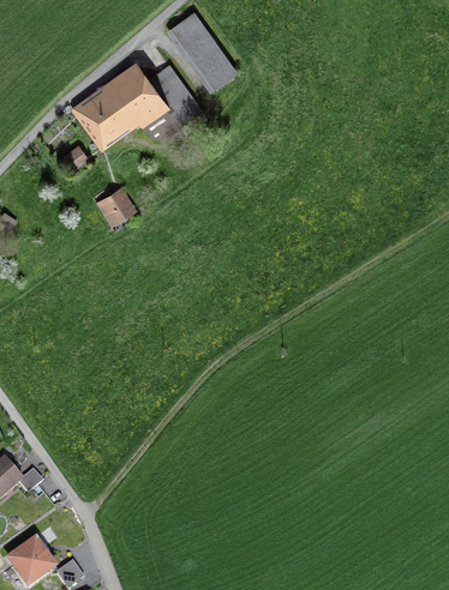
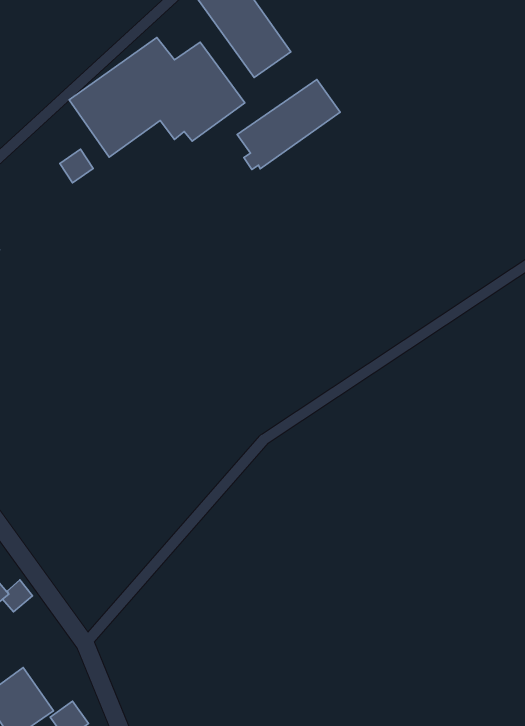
building: none -> [237,79,340,169]
building: [96,186,137,225] -> none

